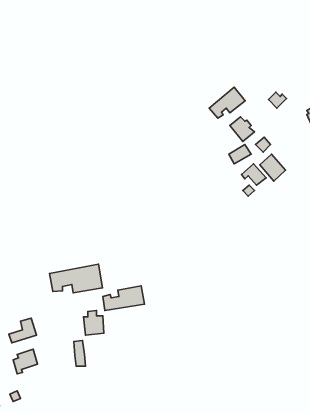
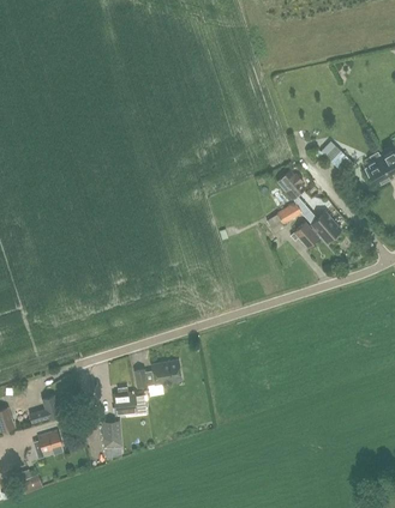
building: [209,87,245,118] -> none
building: [49,264,103,293] -> none

